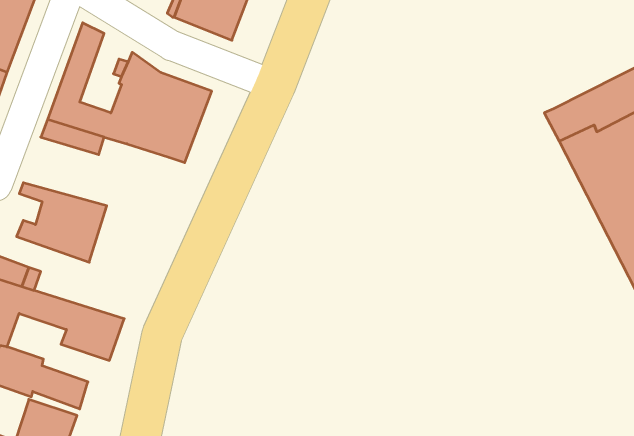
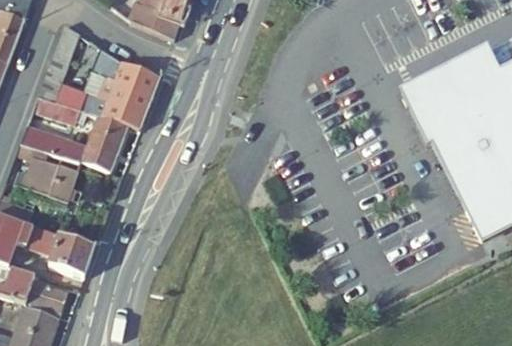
building: none -> [19,115,127,172]

